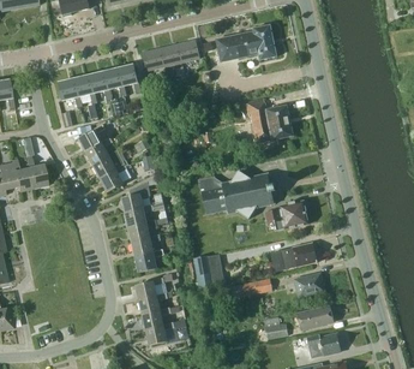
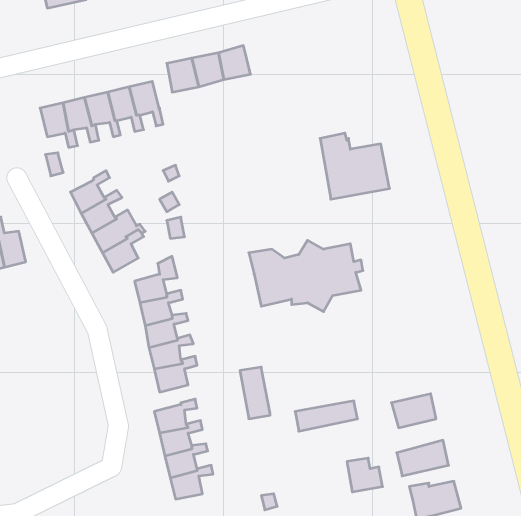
building: [216,25,276,61] -> none
building: [265,201,308,230] -> none
building: [282,243,317,268] -> none

